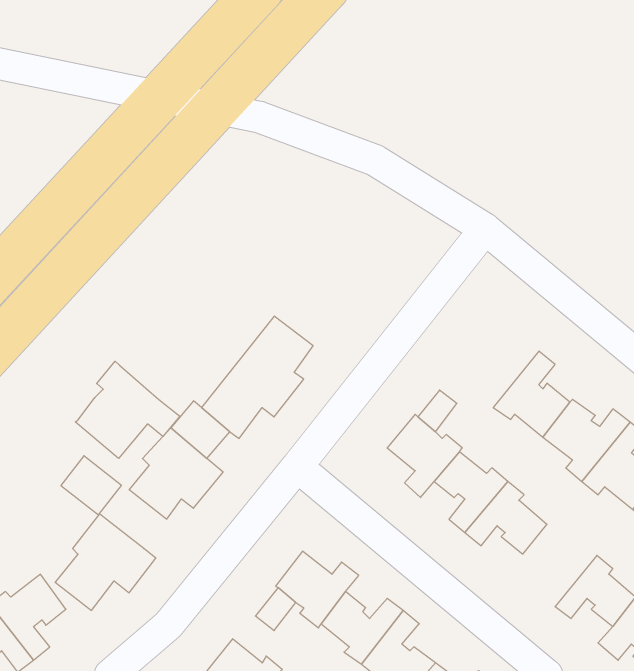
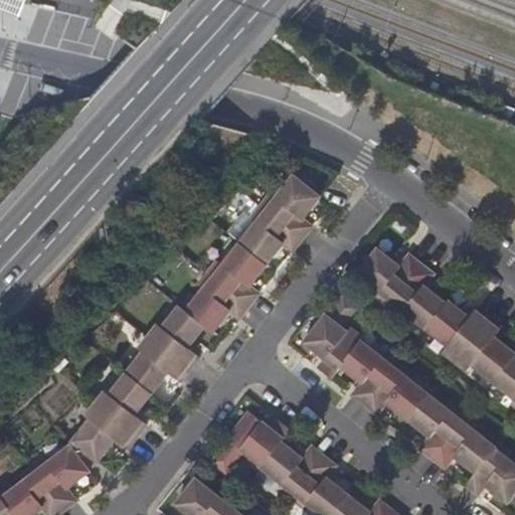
building: none -> [232,175,318,267]
building: none -> [366,255,431,313]
building: [75,361,180,458] -> none
building: [61,456,121,515] -> [107,374,152,418]
building: none -> [418,400,474,462]

